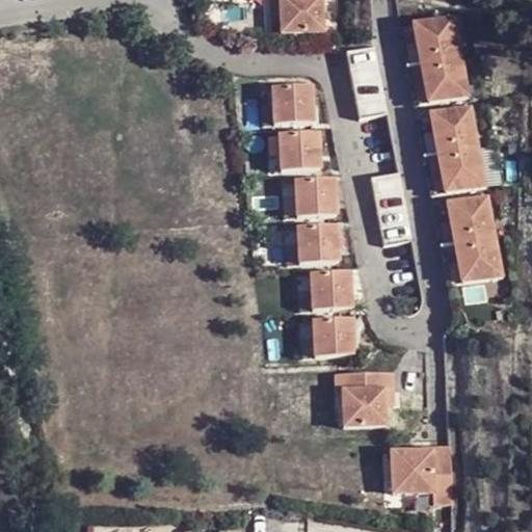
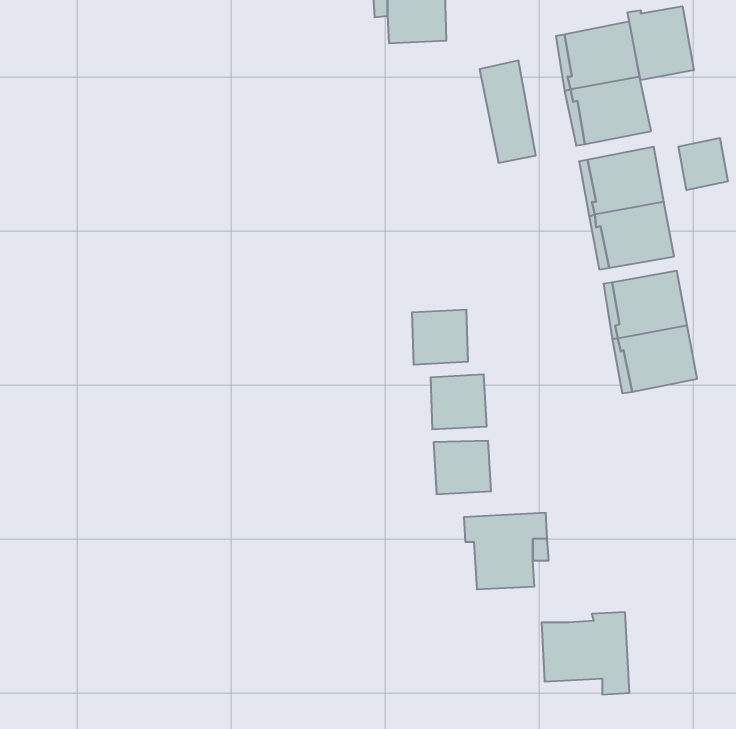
building: none -> [628,6,694,80]
building: [271,84,313,124] -> none
building: none -> [678,138,728,190]
building: [278,131,319,170] -> none
building: [371,170,411,243] -> none
building: [294,177,337,216] -> none

